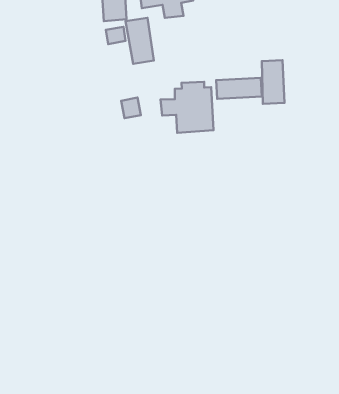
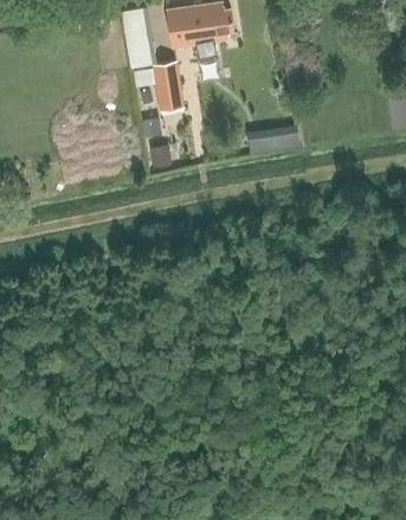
building: [262,60,285,104] -> none
building: [161,82,213,133] -> none

